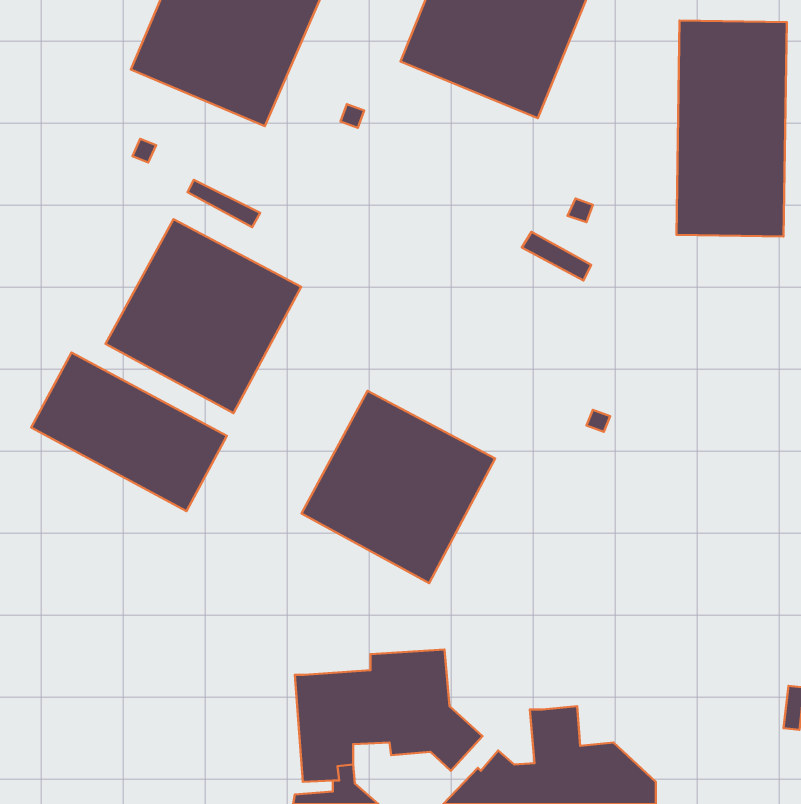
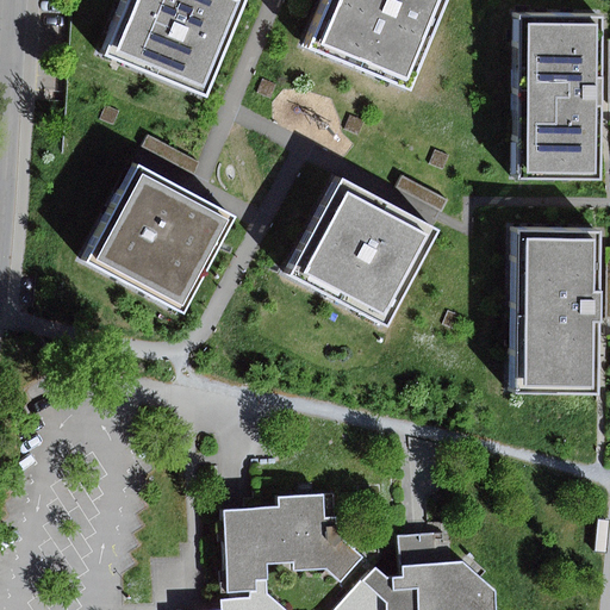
building: none -> [512,228,592,390]
building: [31,352,227,511] -> none
building: [301,391,495,583] -> [287,179,434,324]

